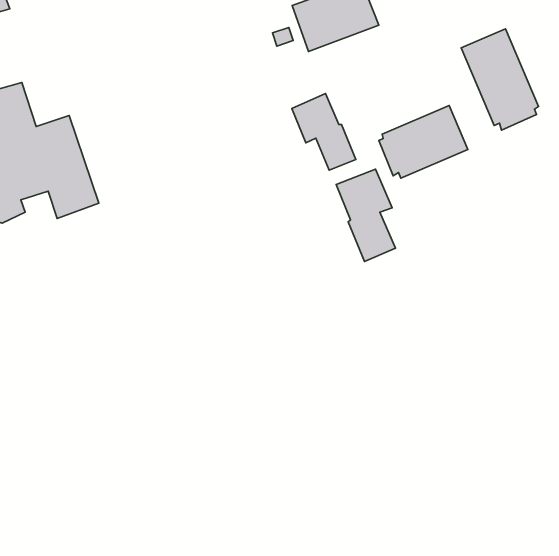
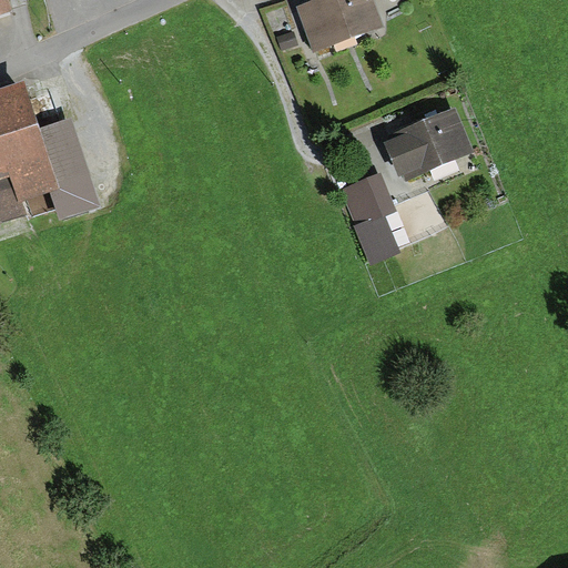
building: [461,29,538,130] -> none
building: [292,94,356,170] -> none

